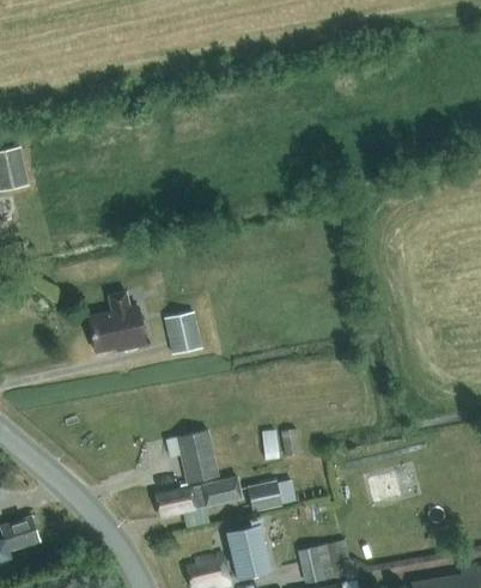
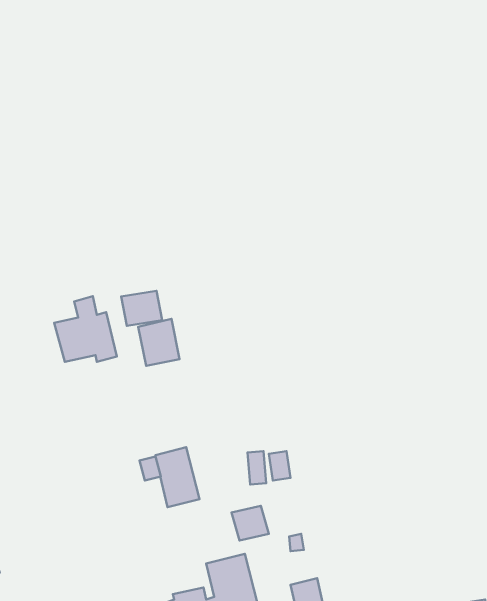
building: none -> [121,291,162,326]
building: [157,475,240,516] -> none

